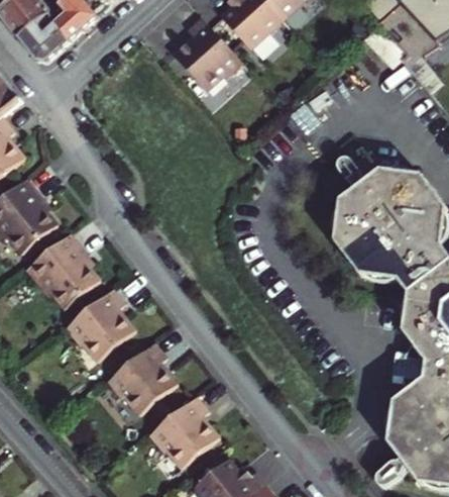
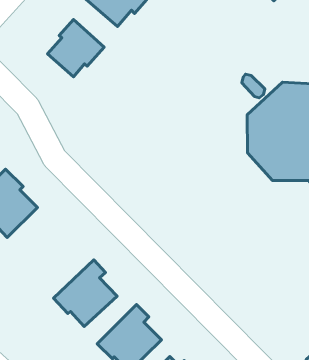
building: none -> [48,19,104,77]
building: [64,288,134,361] -> none

